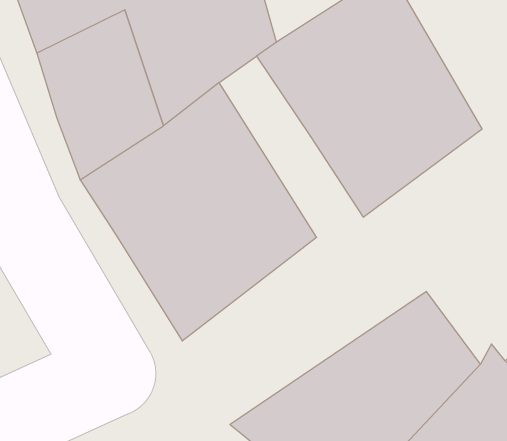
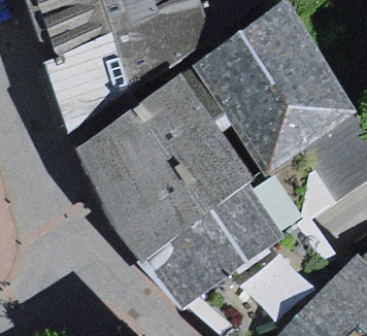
building: none -> [148,182,273,302]

